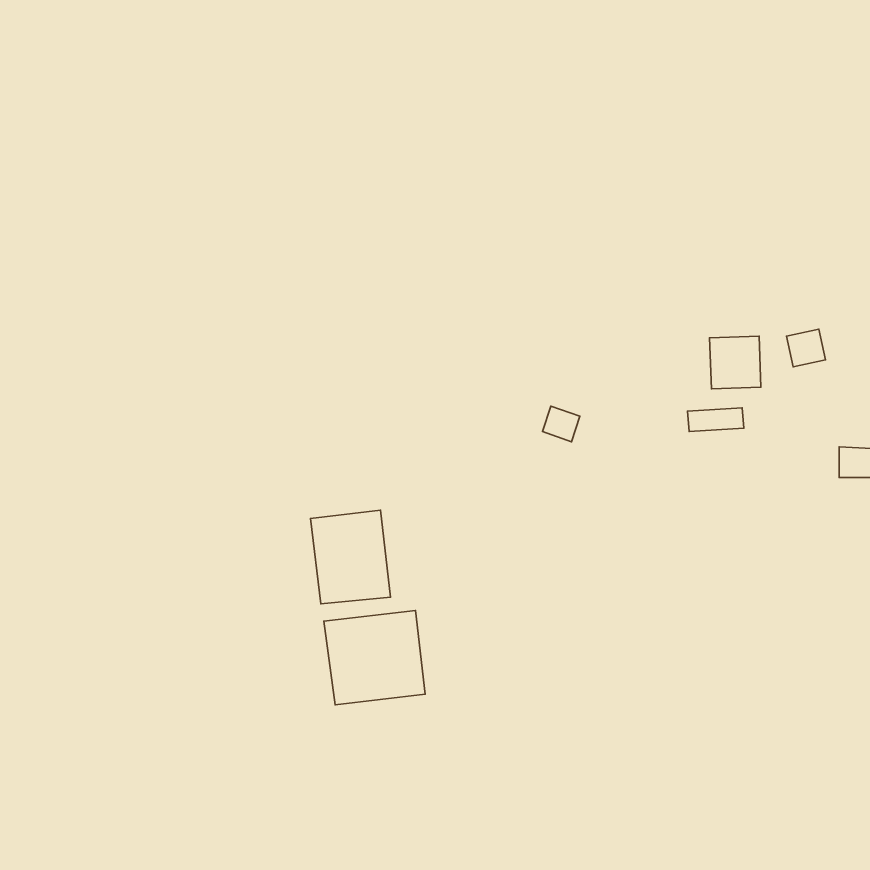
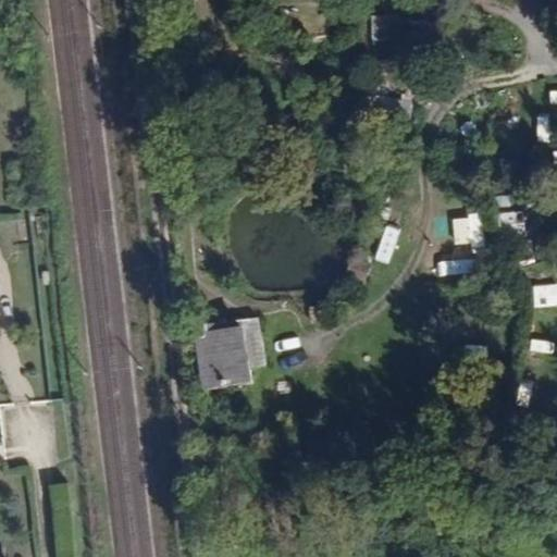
building: [324,610,425,705] -> none

